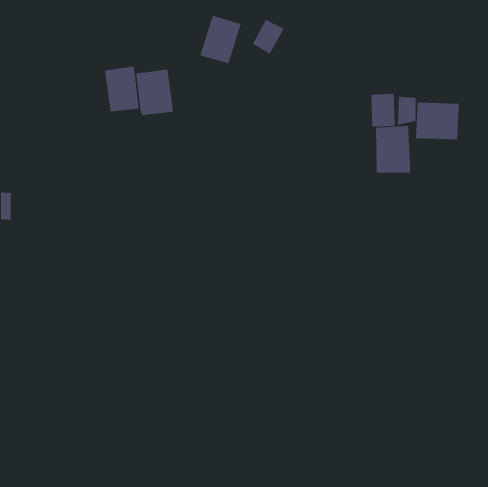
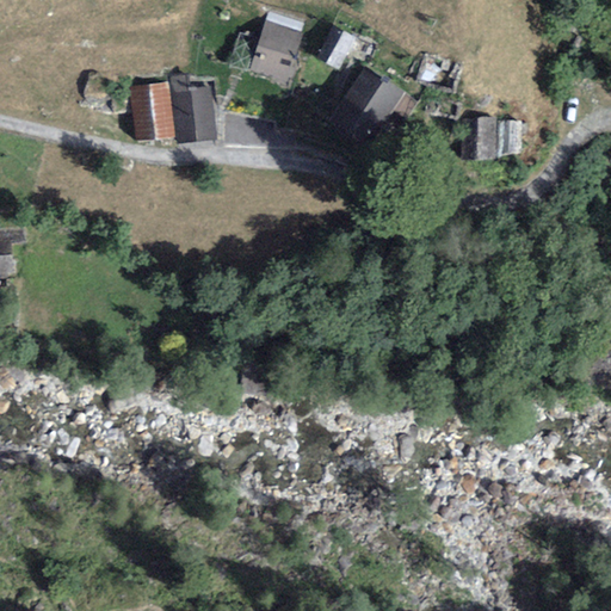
building: none -> [329,66,405,147]
building: [416,102,459,140] -> none
building: [376,125,411,173] -> none

